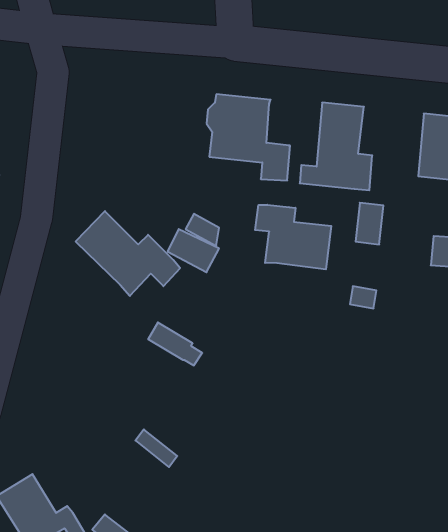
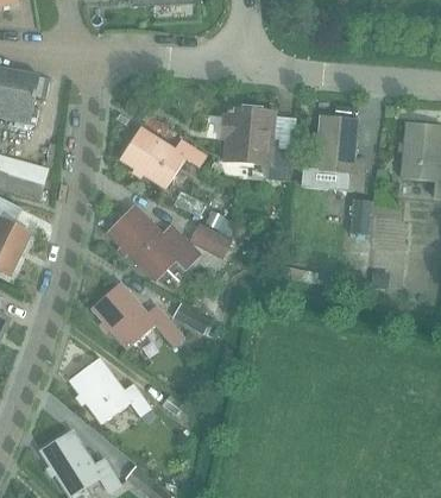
building: none -> [120,127,206,187]
building: [255,205,331,269] -> none
building: none -> [93,284,183,347]
building: none -> [70,359,155,423]

